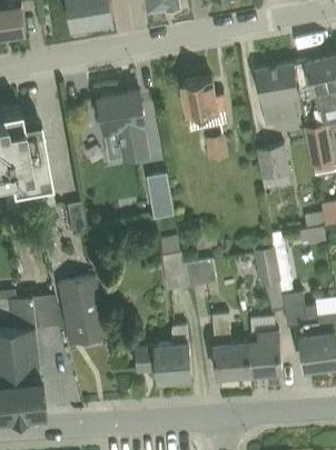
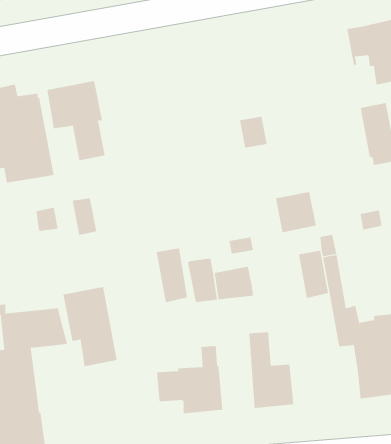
building: [256,64,300,129] -> none
building: [182,79,228,118] -> none
building: [99,92,148,159] -> [47,81,106,161]
building: [256,147,290,181] -> [275,191,317,233]
building: [147,176,174,221] -> [156,248,188,303]
building: [246,332,281,379] -> none

